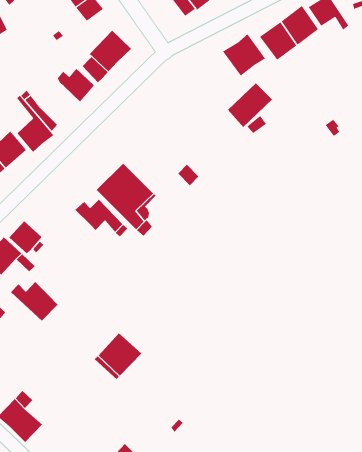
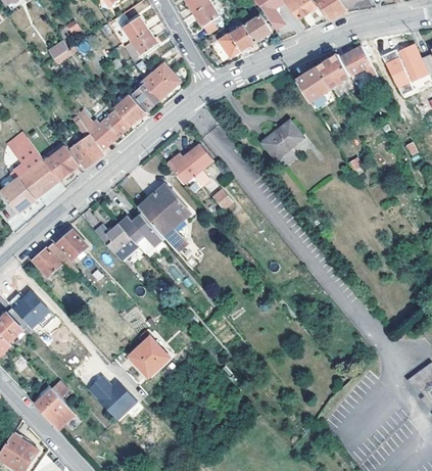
building: [222,33,266,77] -> none
building: none -> [94,109,130,144]
building: none -> [167,143,211,186]
building: [10,281,59,322] -> [94,222,137,258]
building: none -> [85,374,136,420]

